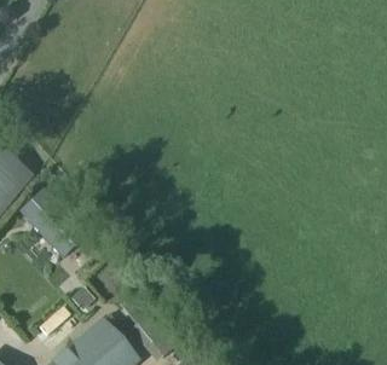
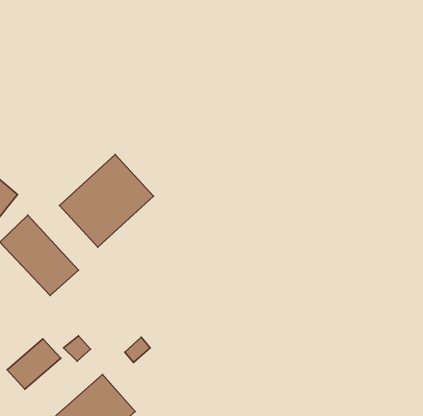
building: none -> [59,154,154,247]

